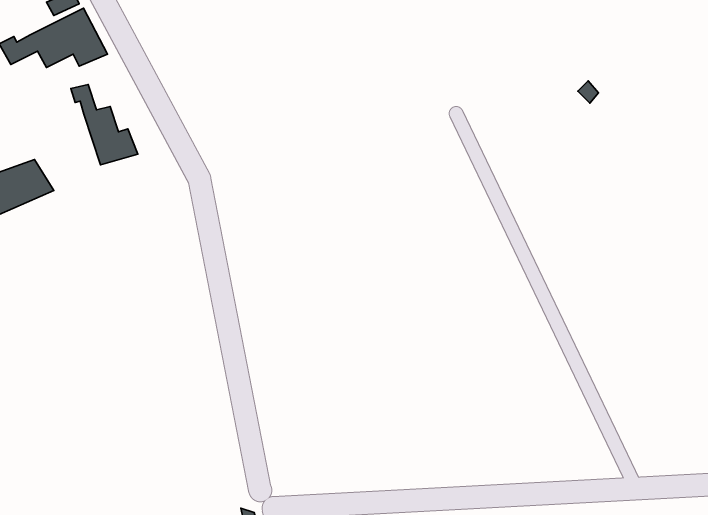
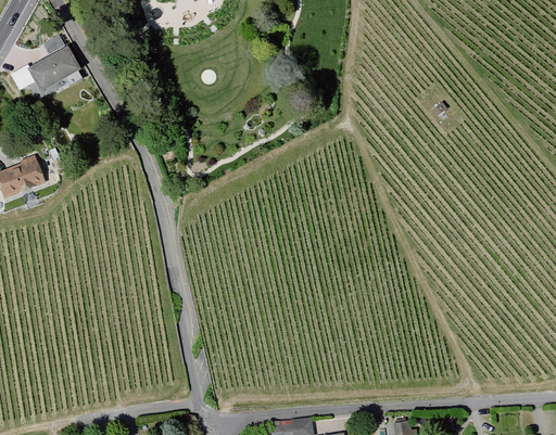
building: [71,85,138,165] -> none

